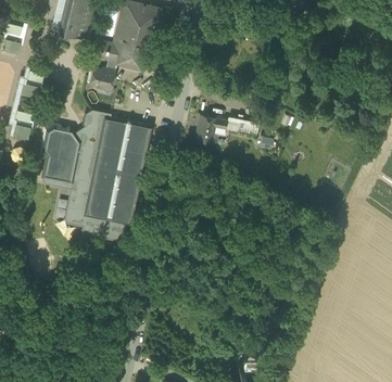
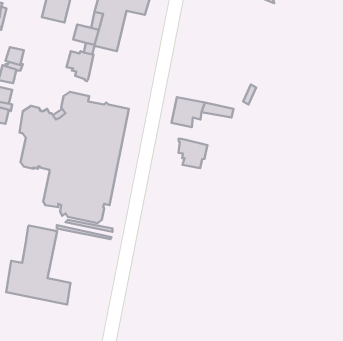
building: none -> [178,139,208,168]
building: none -> [6,225,70,304]

